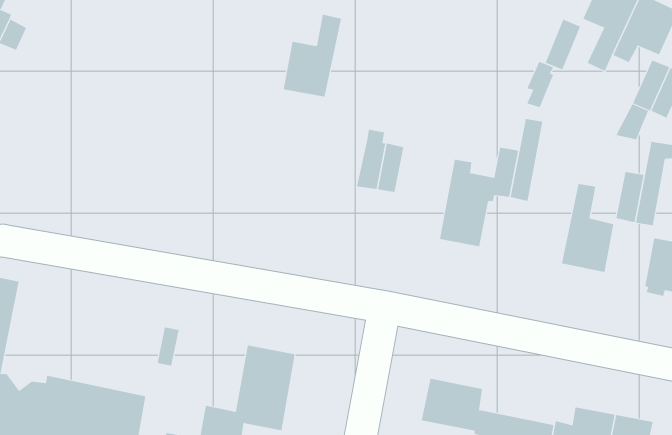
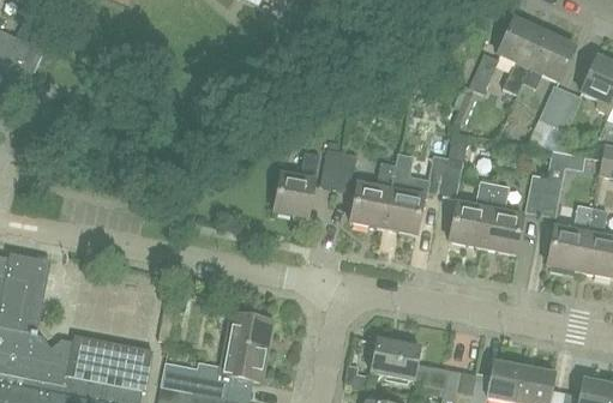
building: [283,14,342,97] -> [275,150,321,216]
building: none -> [351,160,397,227]
building: none -> [450,180,495,246]

